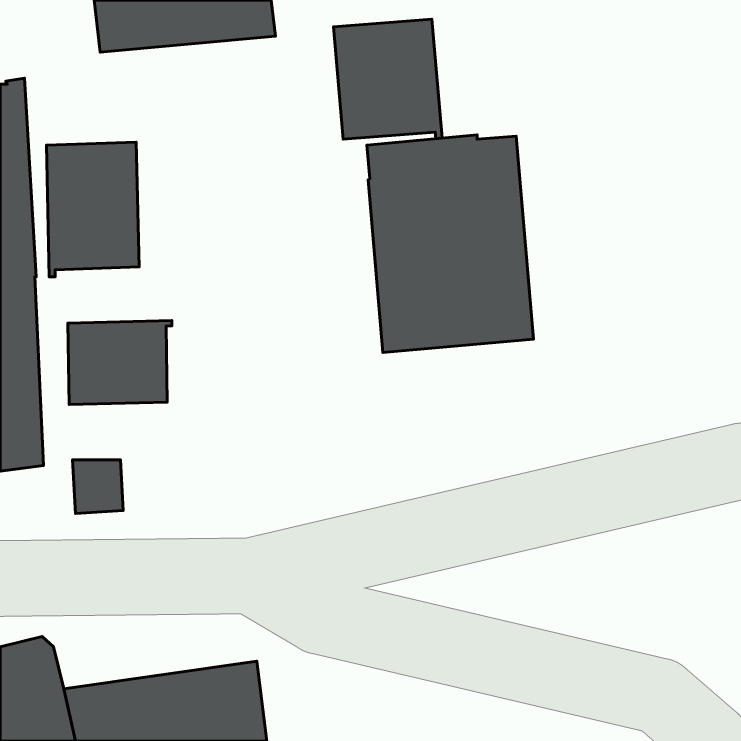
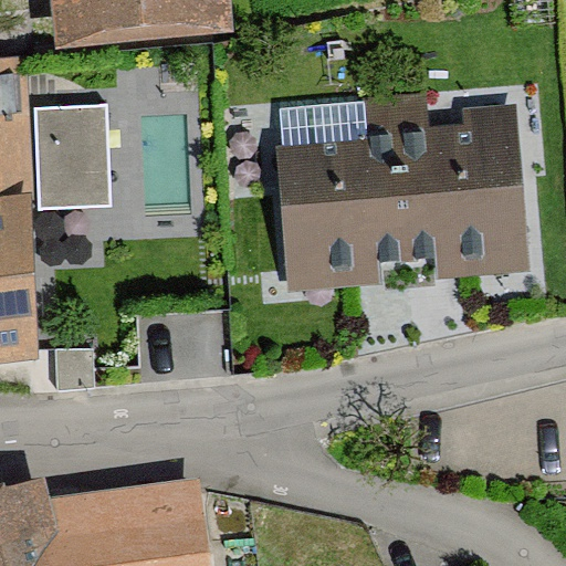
building: [334,19,442,139] -> none
building: none -> [394,101,522,259]
building: [68,321,172,404] -> none

